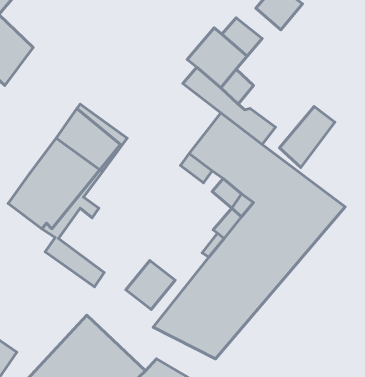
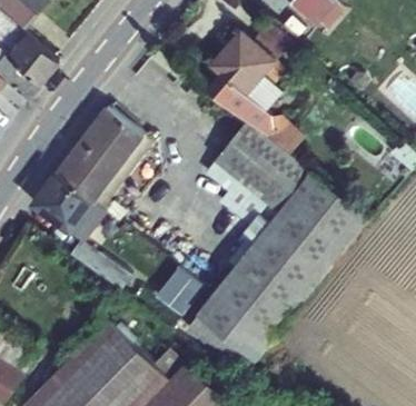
building: [280,106,335,167] -> none

